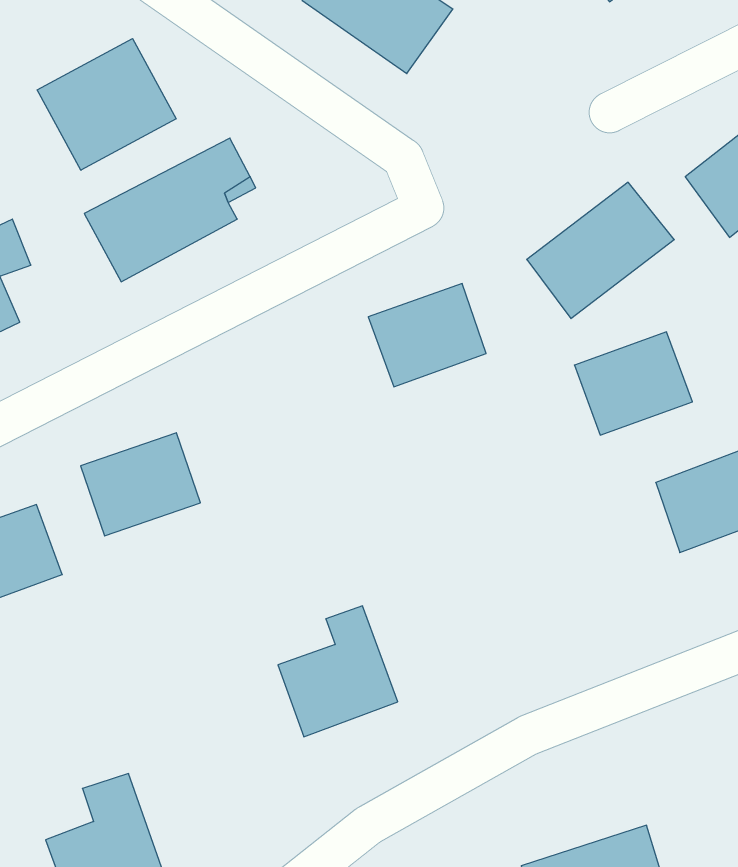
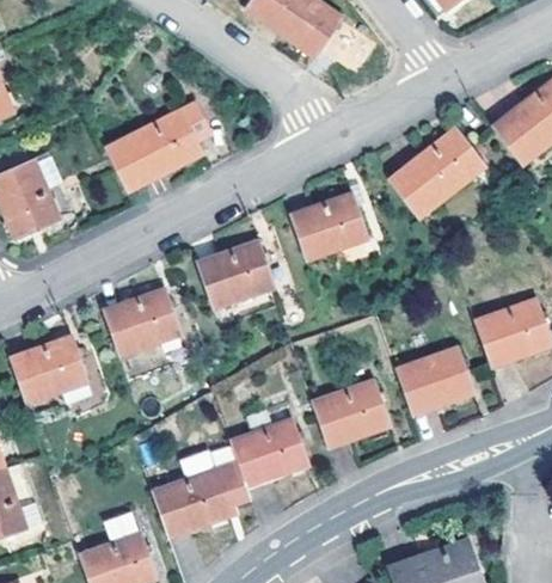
building: [37,39,176,170] -> none
building: [574,332,692,435] -> [397,346,473,413]
building: none -> [195,239,272,307]
building: none -> [312,379,390,447]
building: none -> [151,450,231,538]

